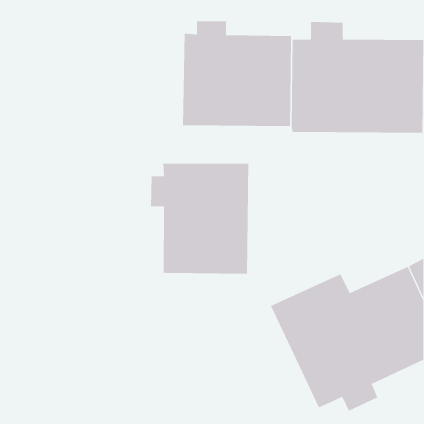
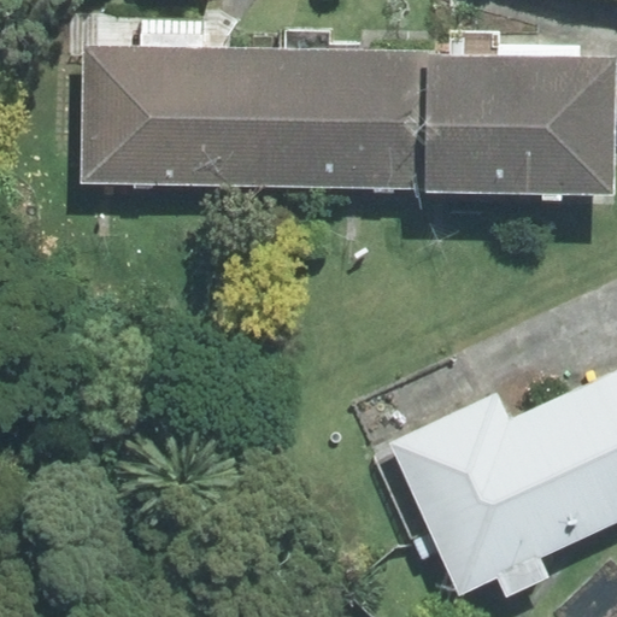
building: none -> [83,22,266,183]
building: [150,163,249,274] -> none

